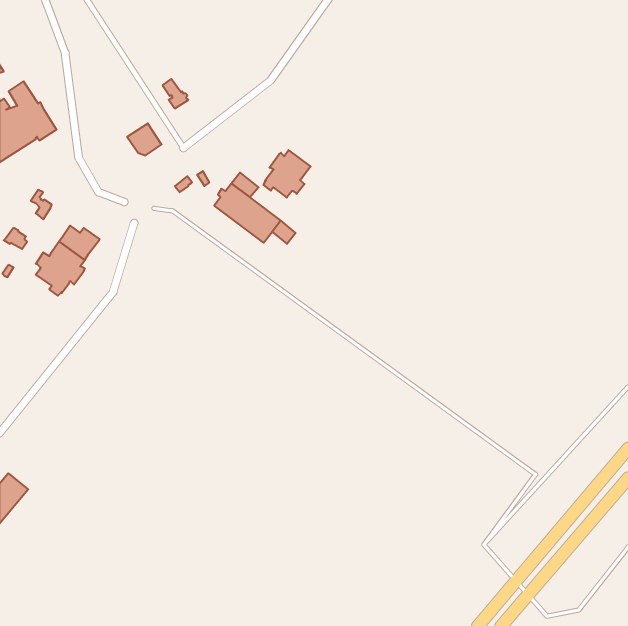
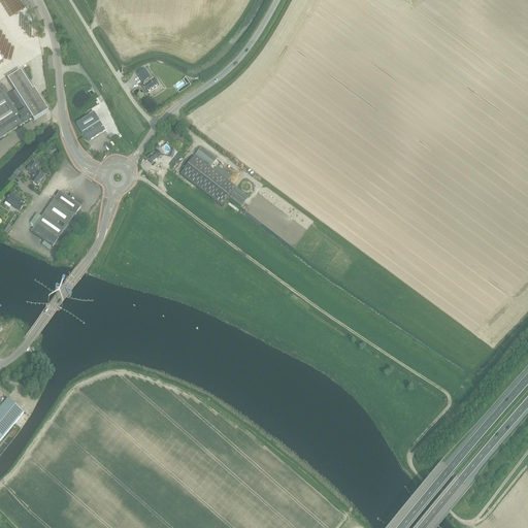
building: [127,123,162,155] -> [75,110,104,137]
building: [264,150,311,198] -> none

